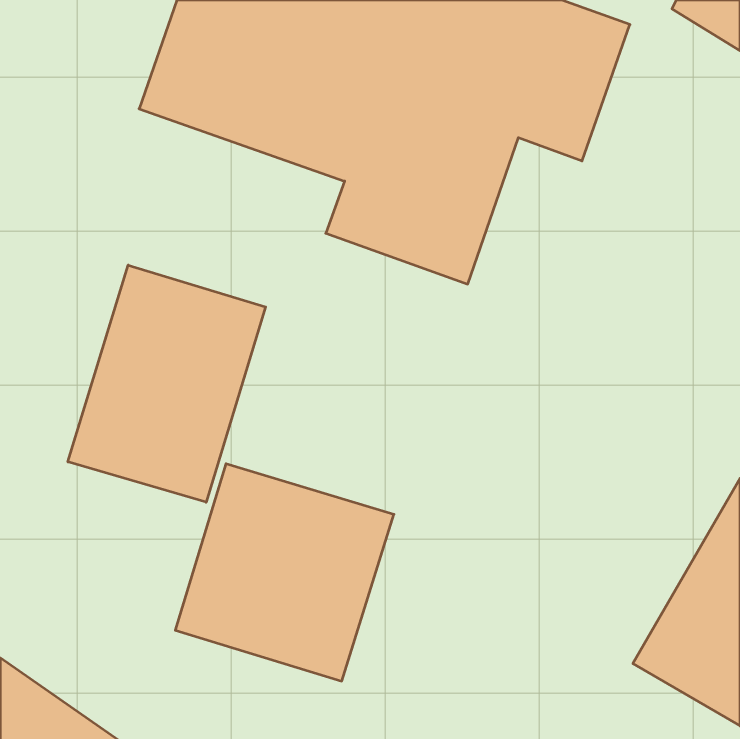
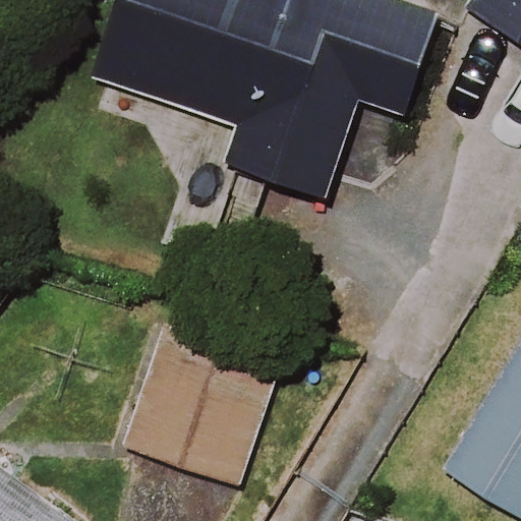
building: [68,265,266,502] -> none

